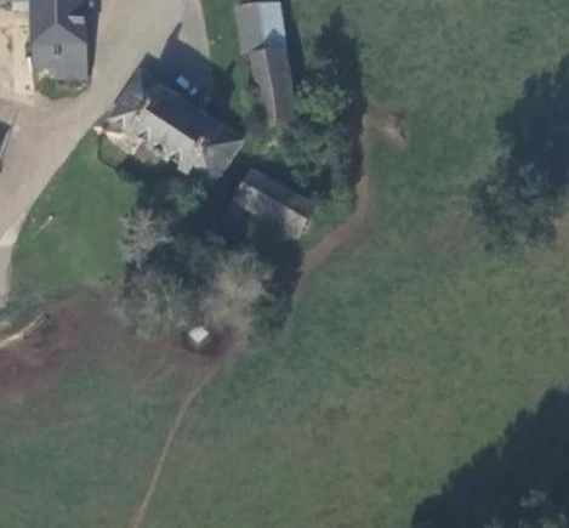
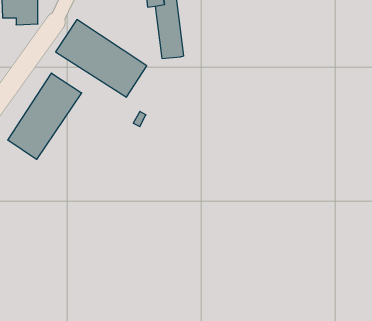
building: none -> [8,73,82,159]
building: [233,169,314,235] -> none

